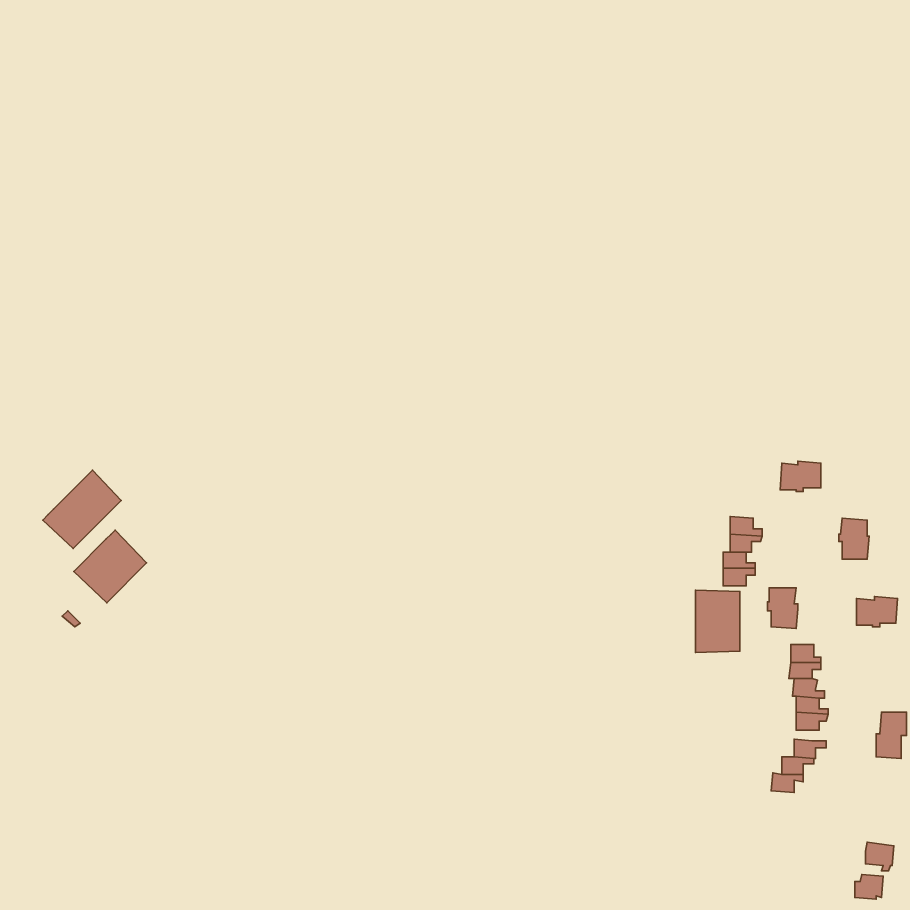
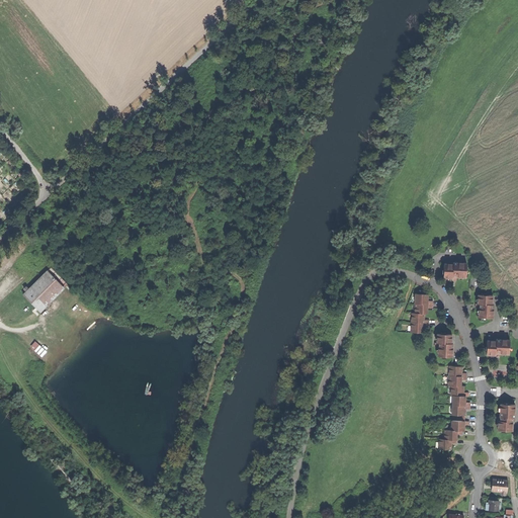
building: [74,530,147,603] -> none
building: [695,590,740,652] -> none

